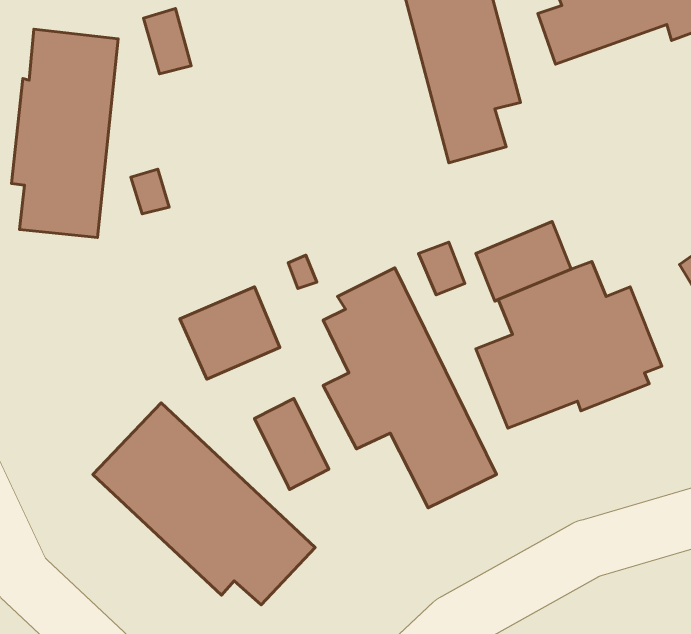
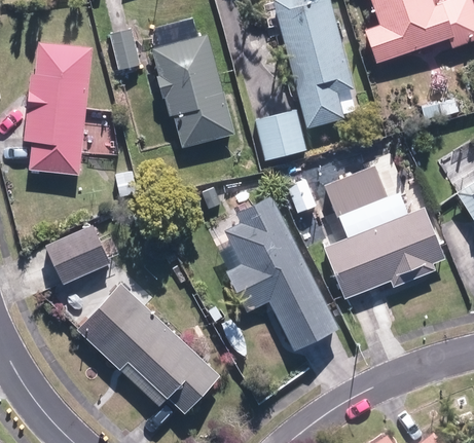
building: none -> [150,33,234,148]
building: none -> [256,111,303,157]
building: [180,287,280,379] -> [45,224,110,284]
building: [255,399,329,489] -> none

